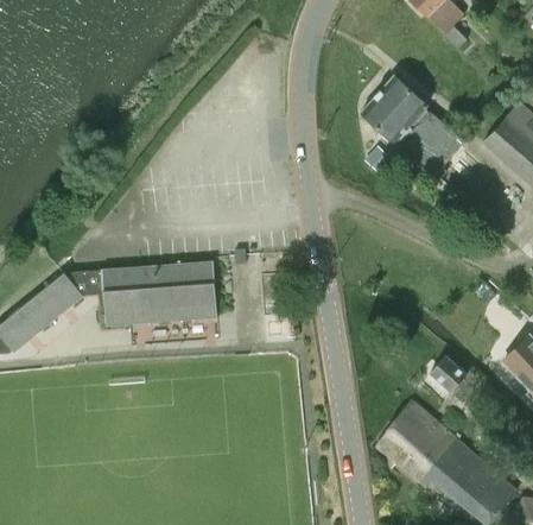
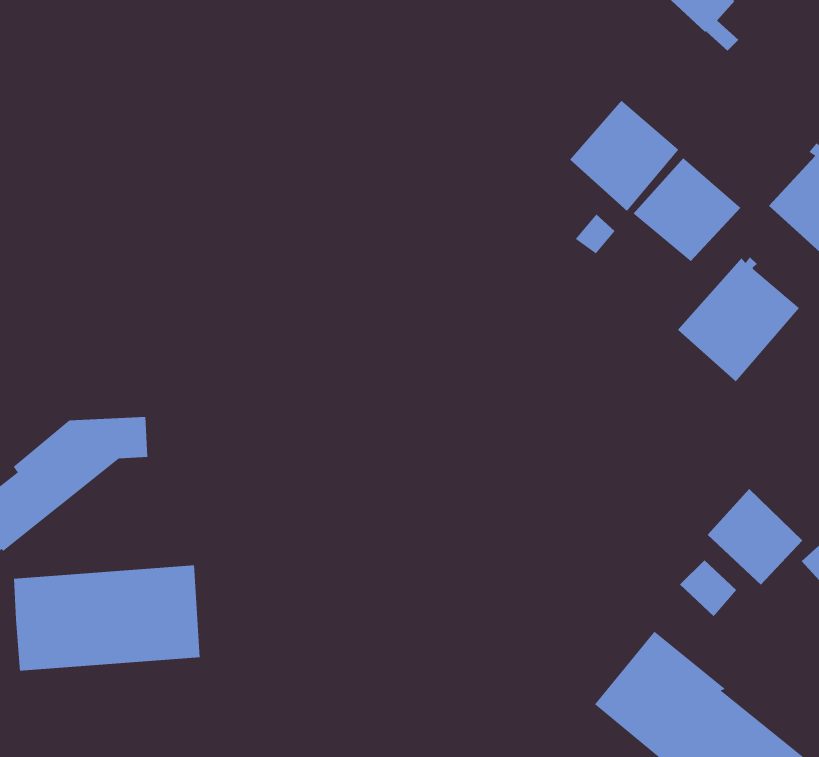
building: none -> [677,257,800,382]
building: [101,261,216,327] -> [13,565,201,671]
building: none -> [707,488,803,586]

